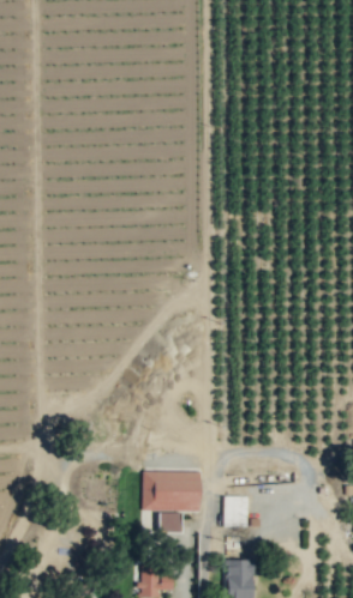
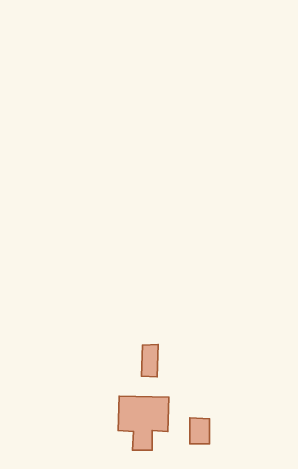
building: none -> [142,345,158,377]

